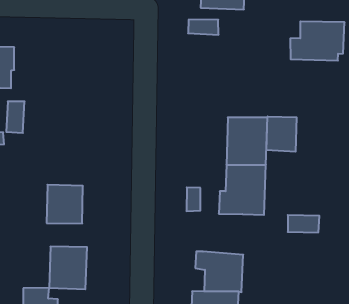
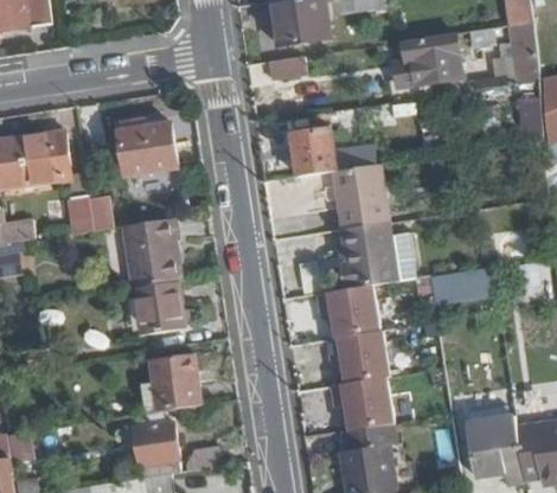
building: none -> [115,119,175,174]
building: none -> [289,124,333,175]
building: [266,116,297,152] -> none
building: none -> [120,218,178,289]
building: none -> [315,282,378,335]

